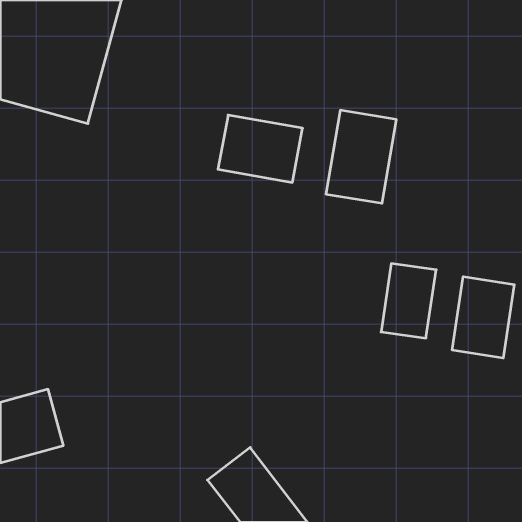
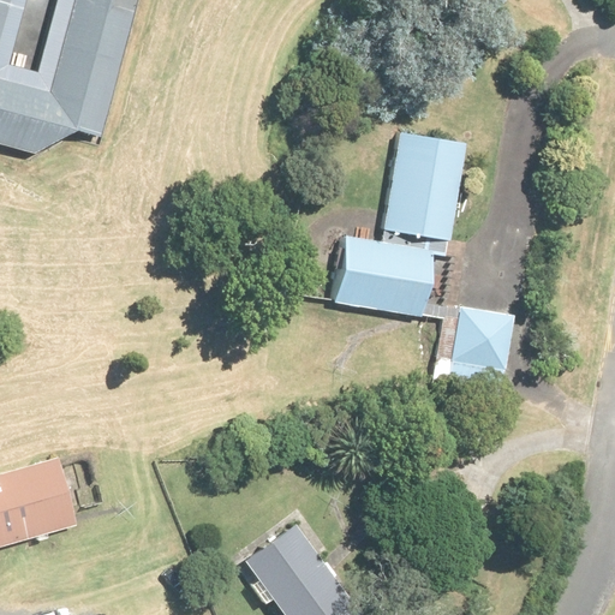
building: [218,115,303,182] -> [332,235,431,315]
building: [452,277,514,358] -> none

